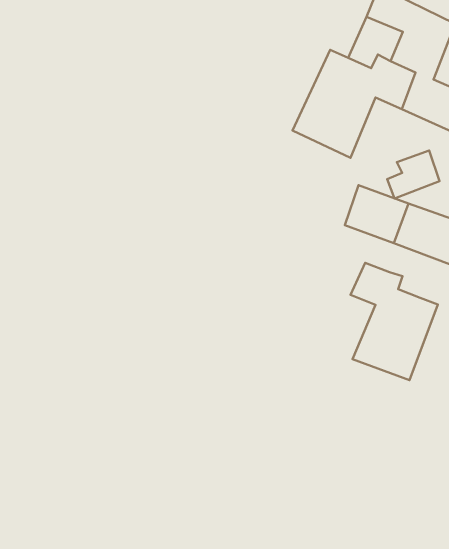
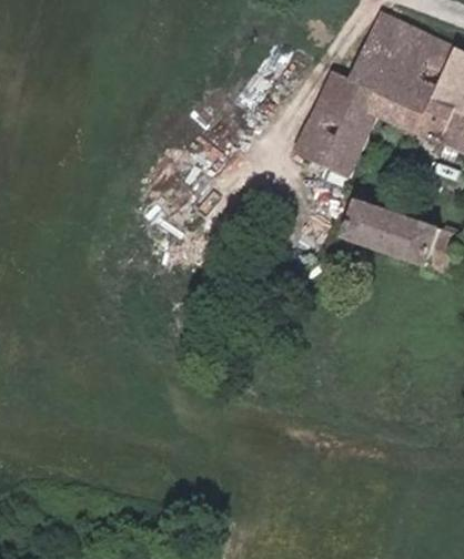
building: [387,150,440,198] -> none
building: [350,263,438,380] -> none

